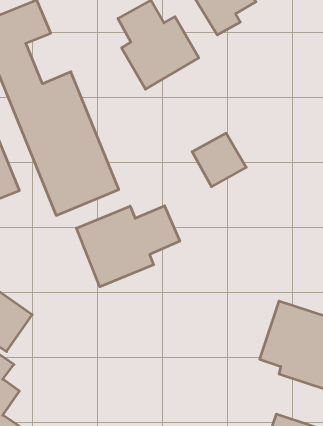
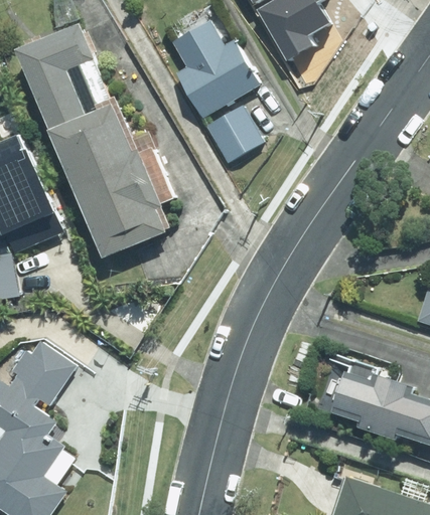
building: [192,133,246,187] -> [202,106,262,164]
building: [76,206,180,287] -> none

